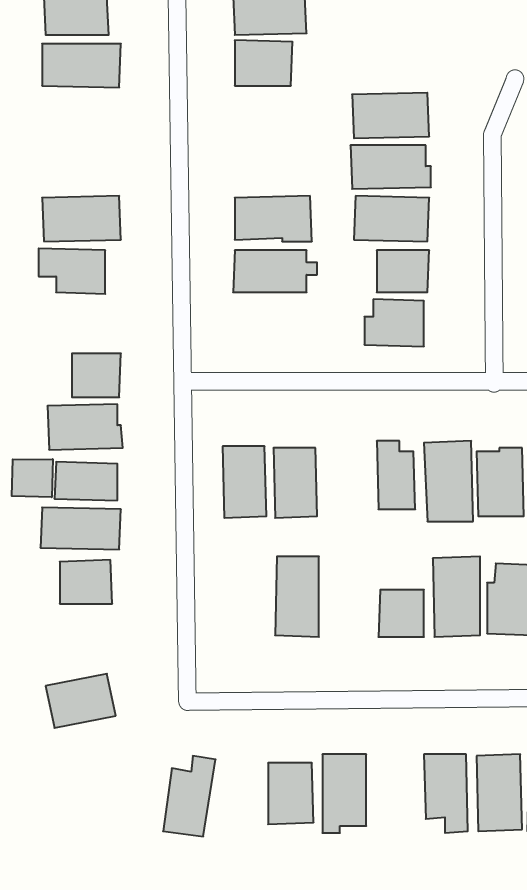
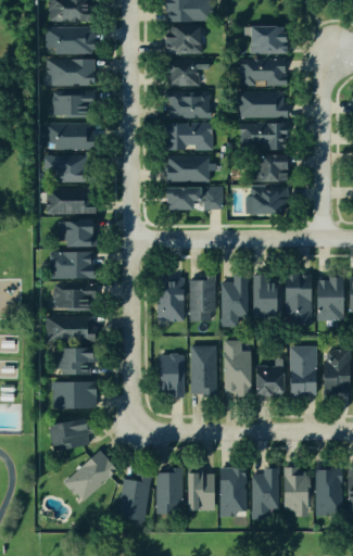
building: none -> [250,25,287,53]
building: none -> [45,58,94,85]
building: none -> [168,58,210,86]
building: none -> [52,90,93,118]
building: none -> [167,90,211,119]
building: none -> [163,186,223,210]
building: none -> [46,187,94,215]
building: none -> [220,276,249,327]
building: [12,459,53,497] -> none
building: none -> [223,341,252,397]
building: none -> [156,354,186,399]
building: none -> [53,381,96,408]
building: none -> [66,448,118,498]
building: none -> [252,467,279,520]
building: none -> [155,468,181,511]

